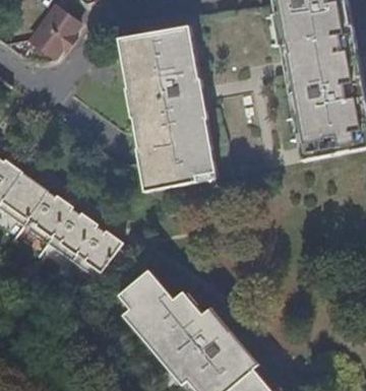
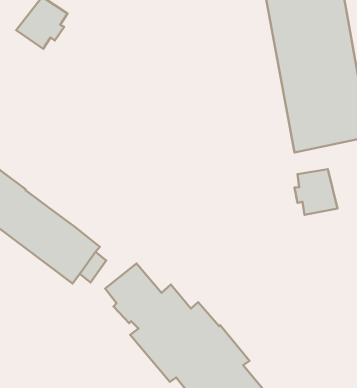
building: [124,24,210,185] -> none
building: none -> [295,169,337,215]

